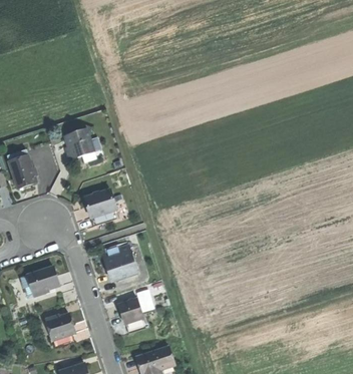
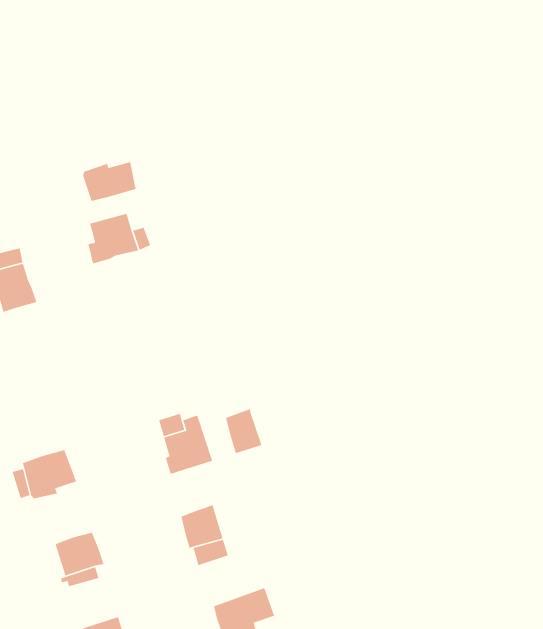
building: none -> [82,161,136,202]
building: [85,190,118,226] -> none
building: none -> [225,408,262,454]

